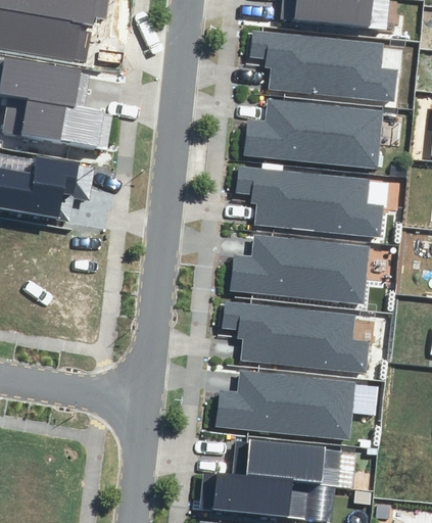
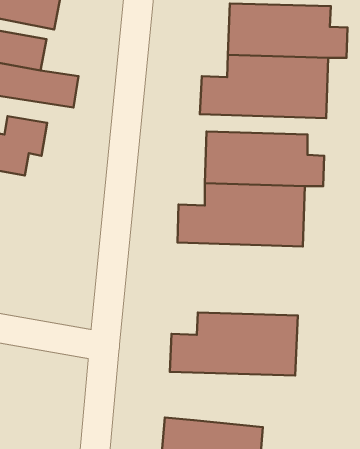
building: [241,308,367,366] -> none
building: [237,440,345,486] -> none

